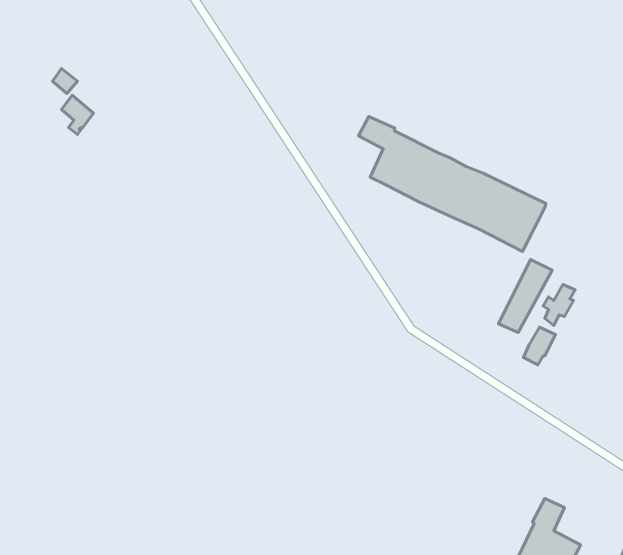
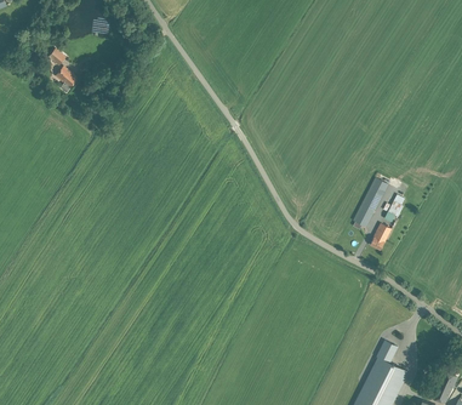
building: [358,116,546,251] -> none

